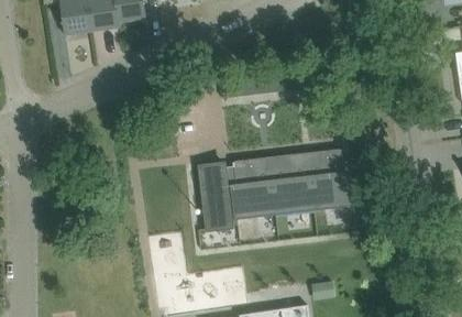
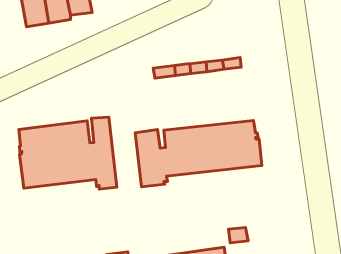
building: none -> [19,117,117,189]

